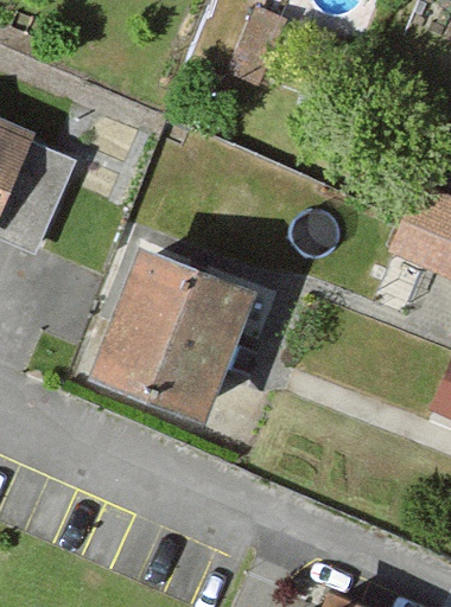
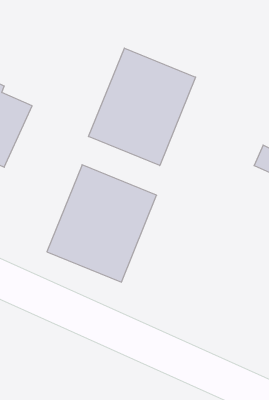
building: none -> [89,48,196,166]

